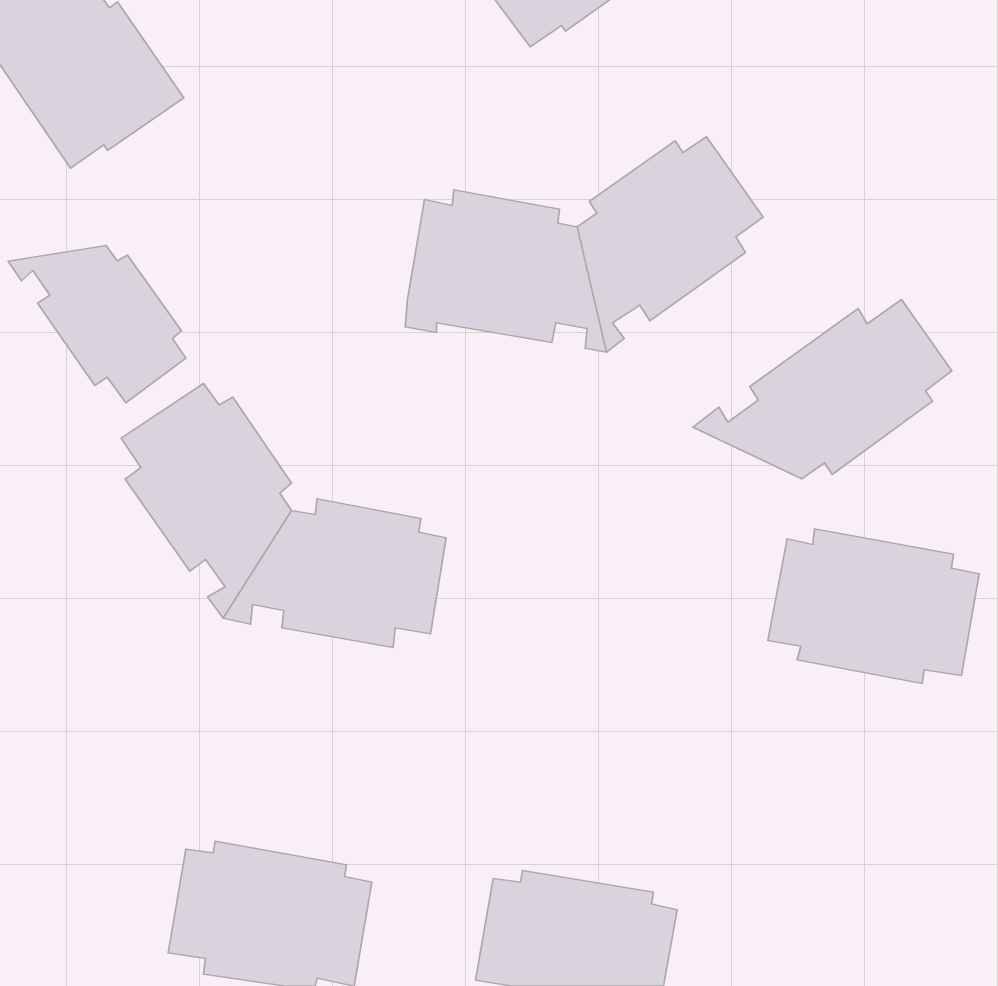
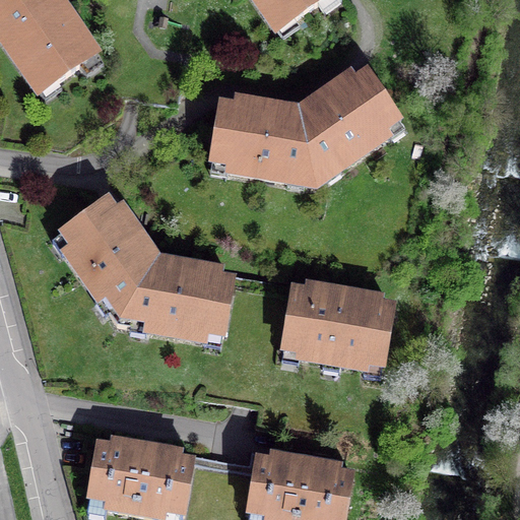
building: [8,246,186,403] -> none
building: [693,299,952,479] -> none
building: [768,529,979,683] -> [282,284,392,365]

